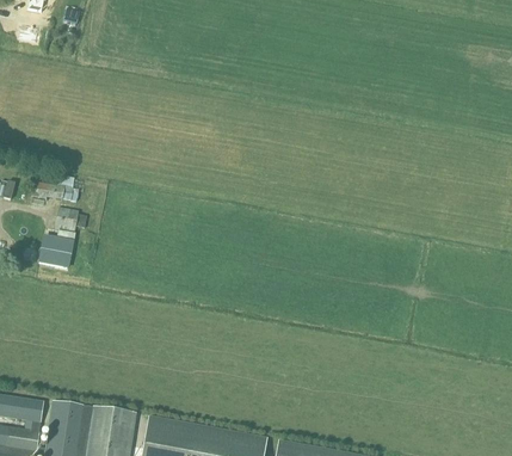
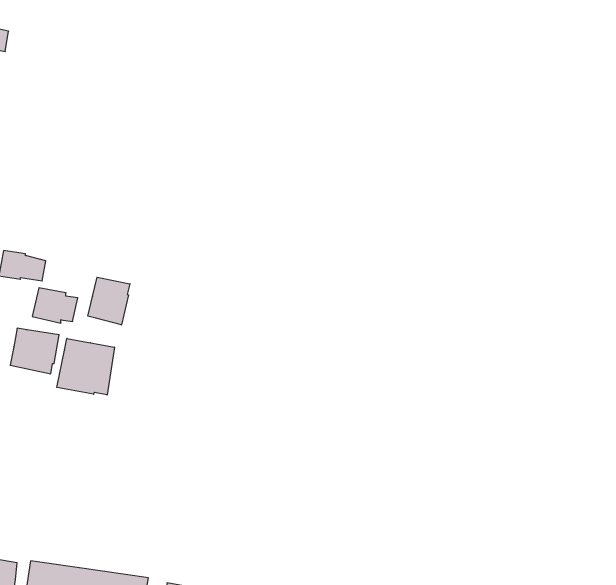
building: none -> [88,277,130,325]
building: none -> [57,338,114,395]

